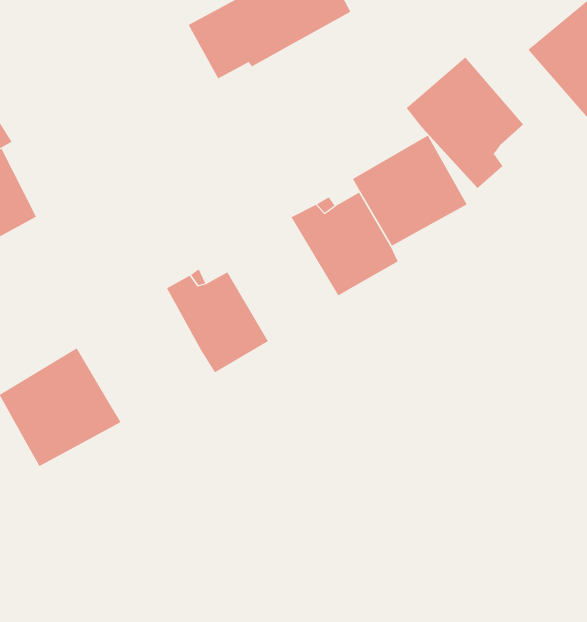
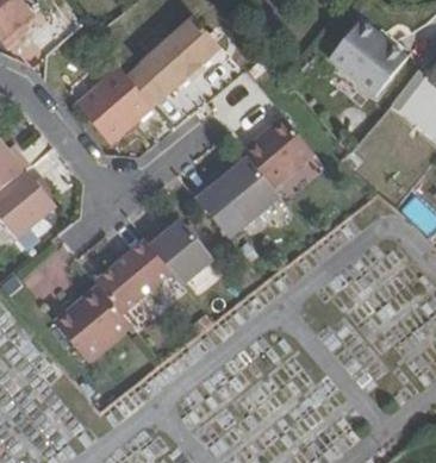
building: none -> [76,69,151,142]
building: [406,57,524,189] -> none
building: none -> [89,238,168,314]

